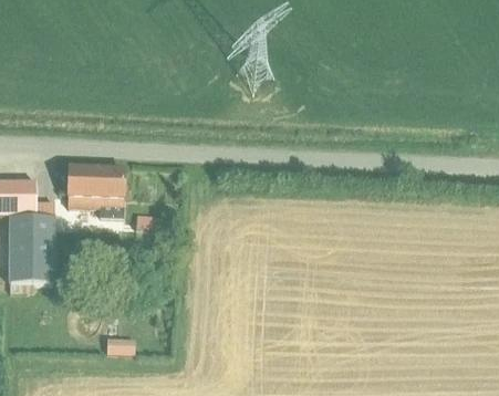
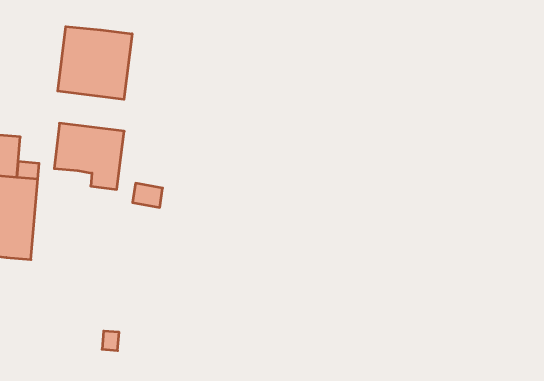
building: none -> [58,27,132,99]

